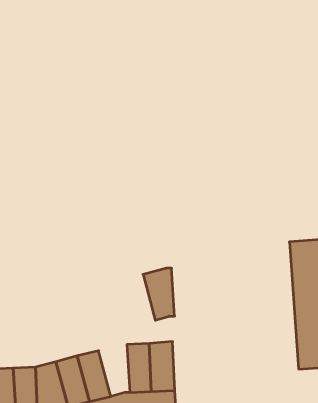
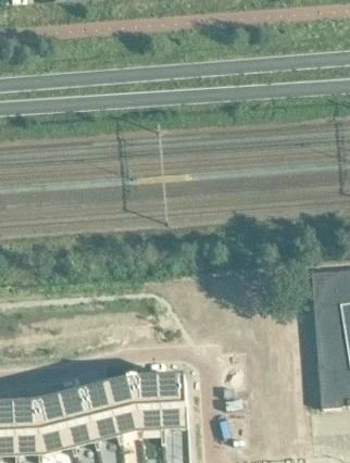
building: [143,268,175,320] -> [107,379,140,435]

